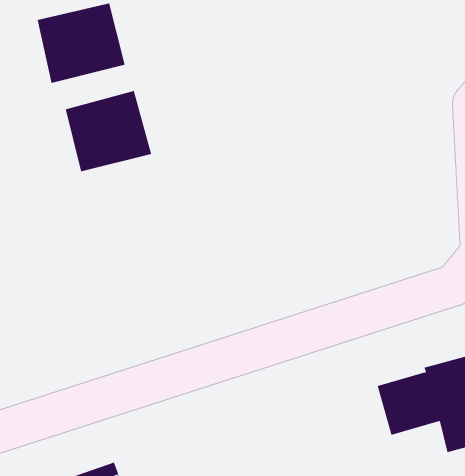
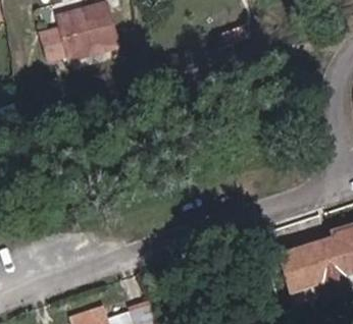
building: [65,90,152,172] -> none

